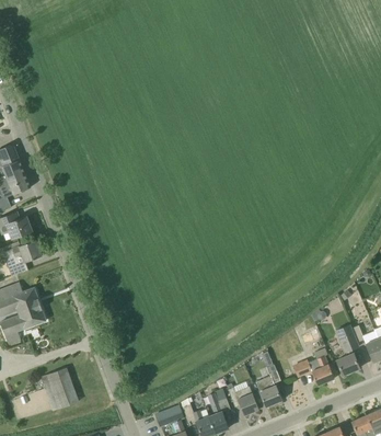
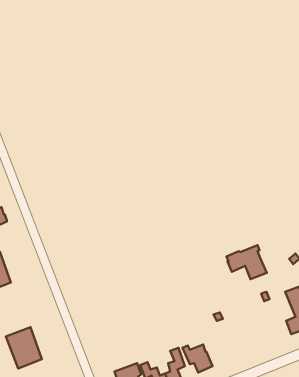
building: [291,348,334,385] -> [227,245,267,279]
building: [255,364,280,406] -> none

